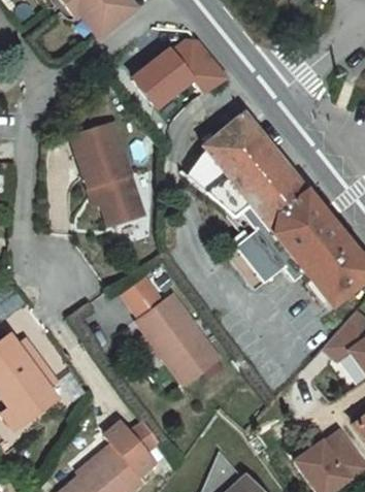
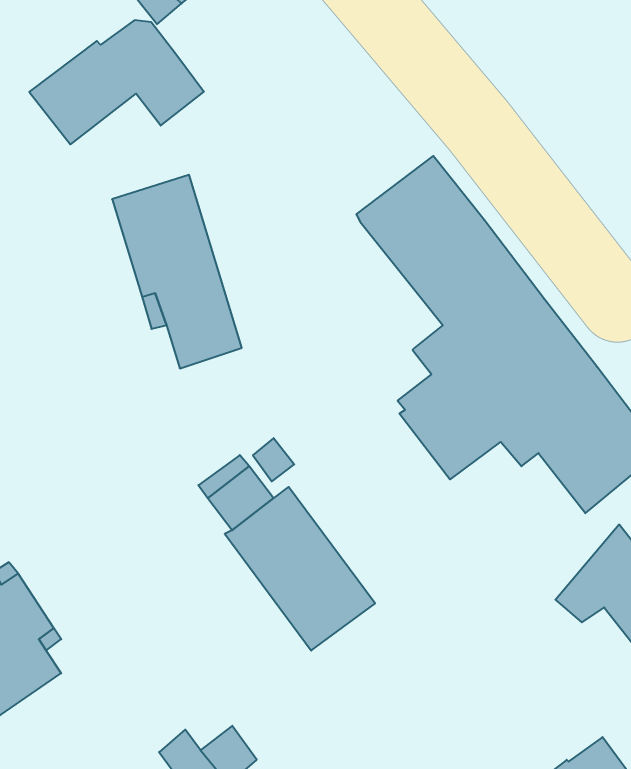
building: [134,38,230,106] -> [29,20,204,144]
building: [192,147,257,217] -> none

